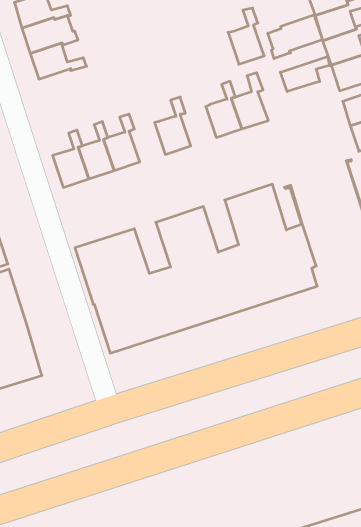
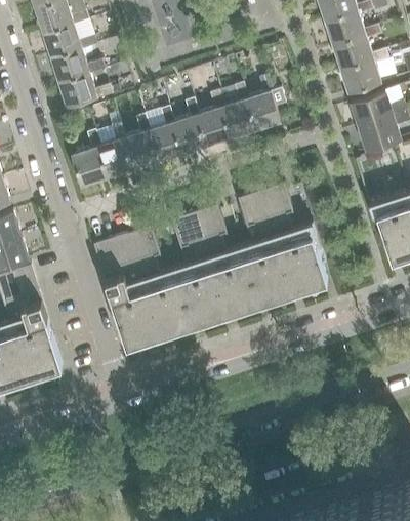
building: [228,8,264,64] -> [195,93,230,148]
building: [268,15,322,59] -> none
building: [280,57,330,92] -> none
building: none -> [58,73,113,108]
building: none -> [146,109,180,163]

